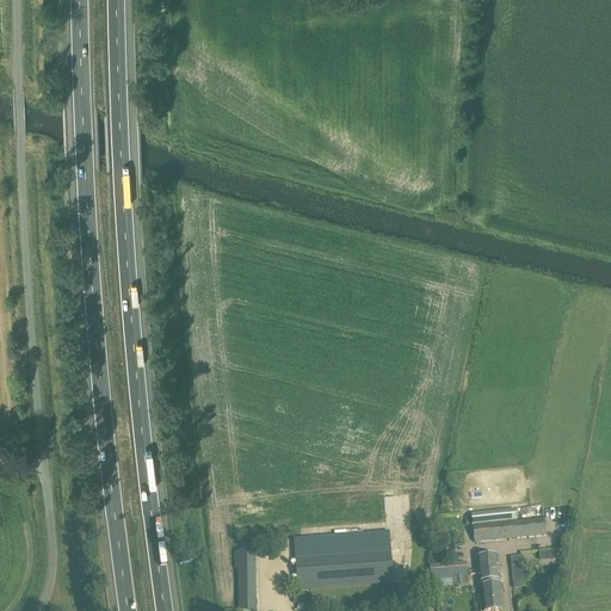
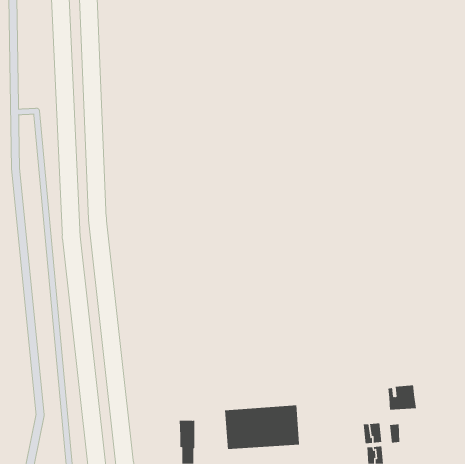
building: [473,508,511,541] -> none
building: [430,562,469,586] -> none

